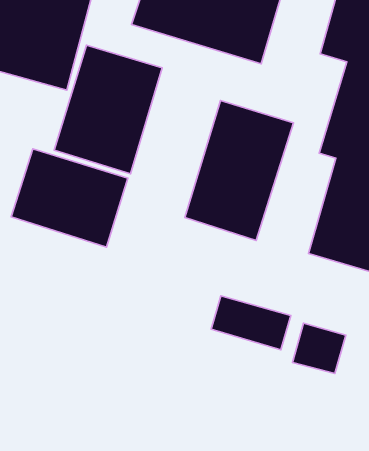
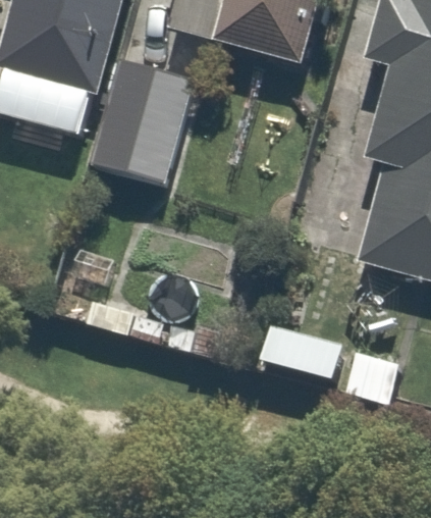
building: [185,100,294,240] -> none
building: [11,149,128,247] -> none

